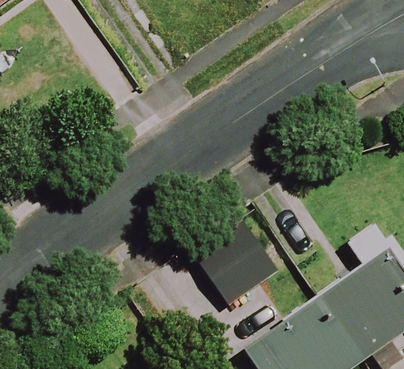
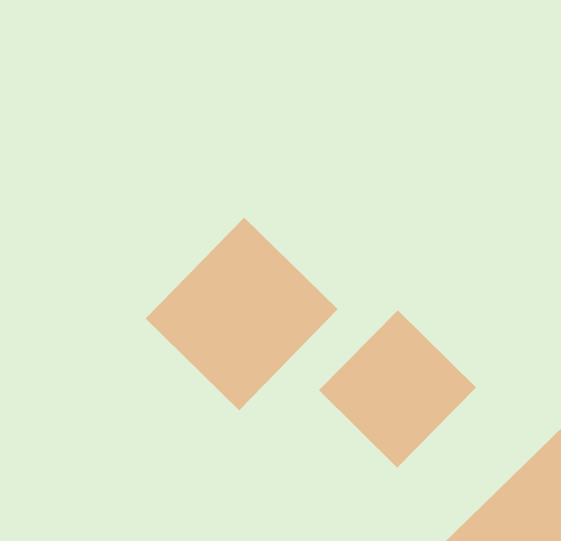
building: none -> [145,217,338,411]

